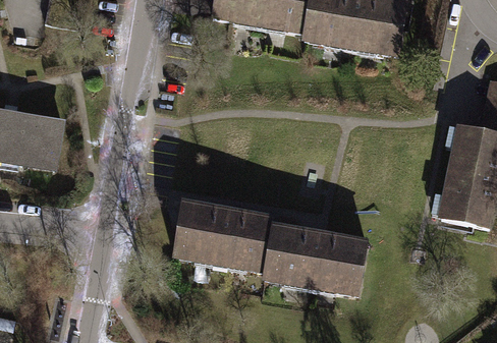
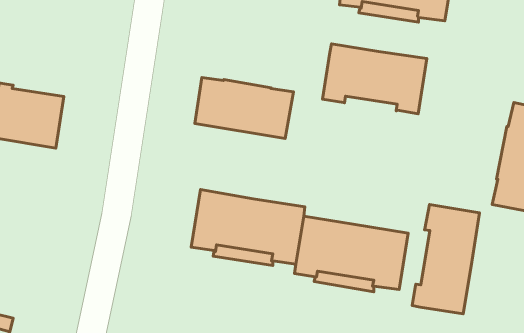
building: none -> [323,44,427,114]
building: none -> [195,78,293,138]
building: none -> [412,205,480,314]

